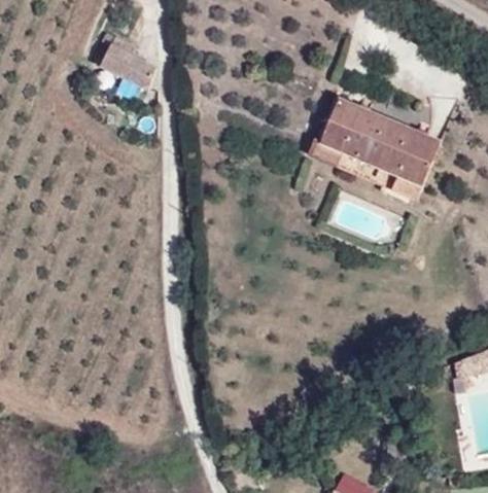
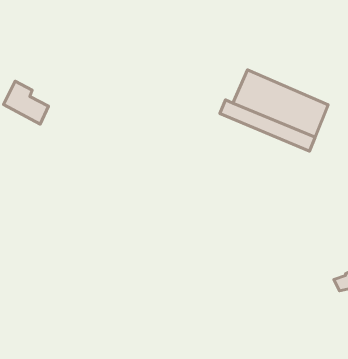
building: [102,33,159,87] -> [4,81,48,124]

